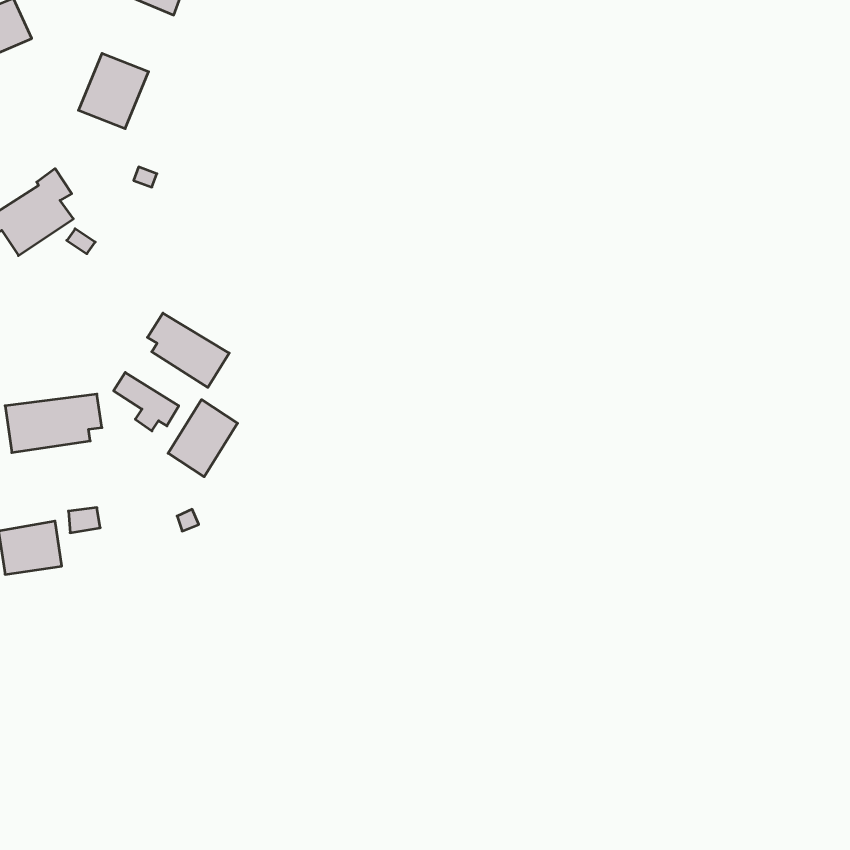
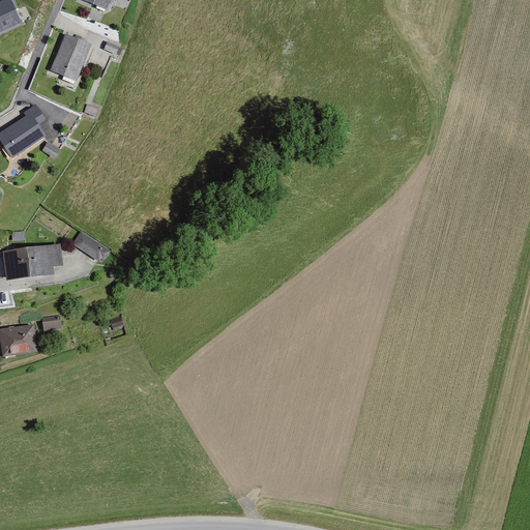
building: [147,313,229,387] -> none
building: [168,400,238,477] -> none

